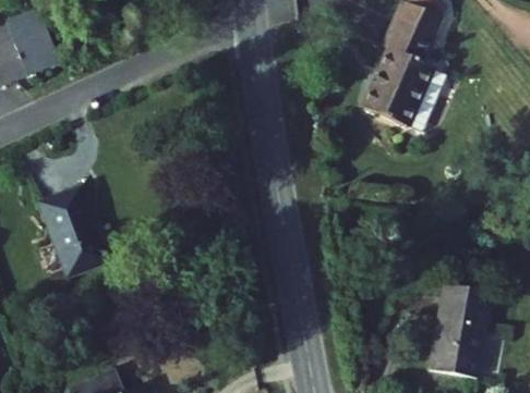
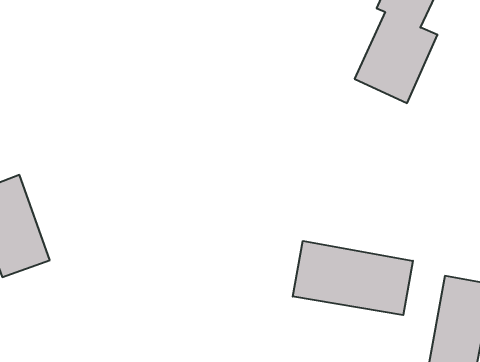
building: none -> [293,241,413,315]

